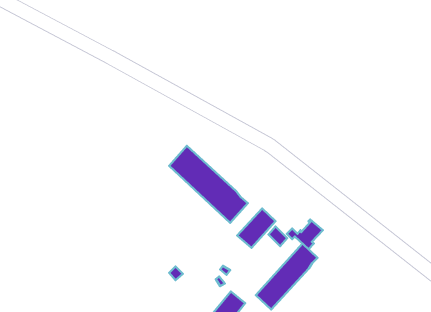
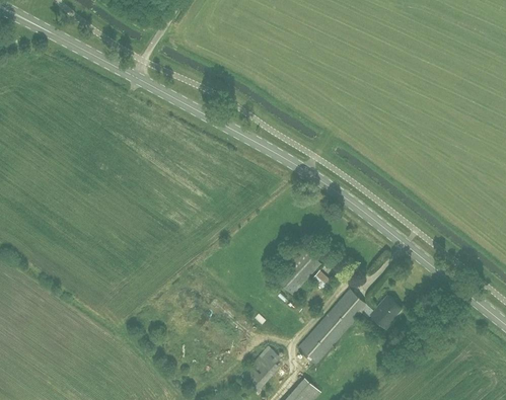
building: [169,146,248,223] -> none
building: [287,220,323,249] -> [361,296,402,329]

